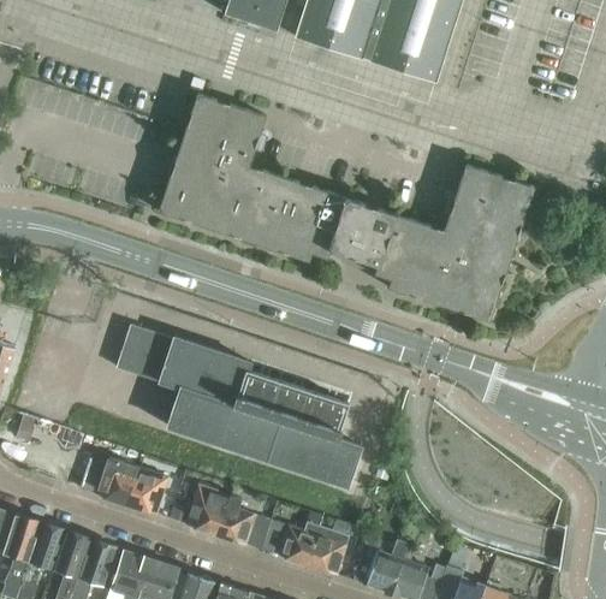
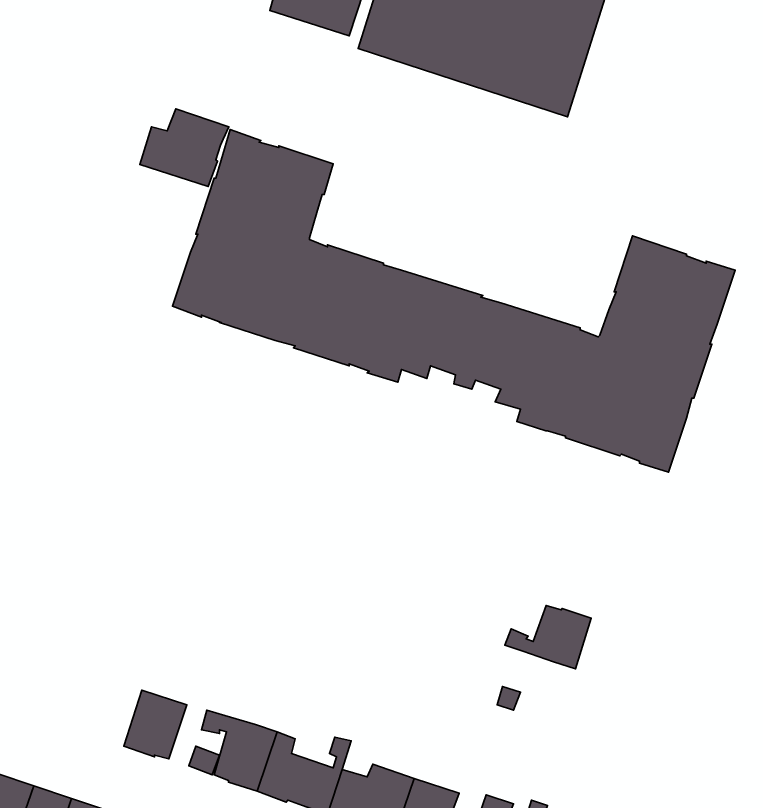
building: none -> [140,109,229,187]
building: [117,324,361,485] -> none
building: none -> [505,606,591,669]
building: [81,457,138,504] -> none

